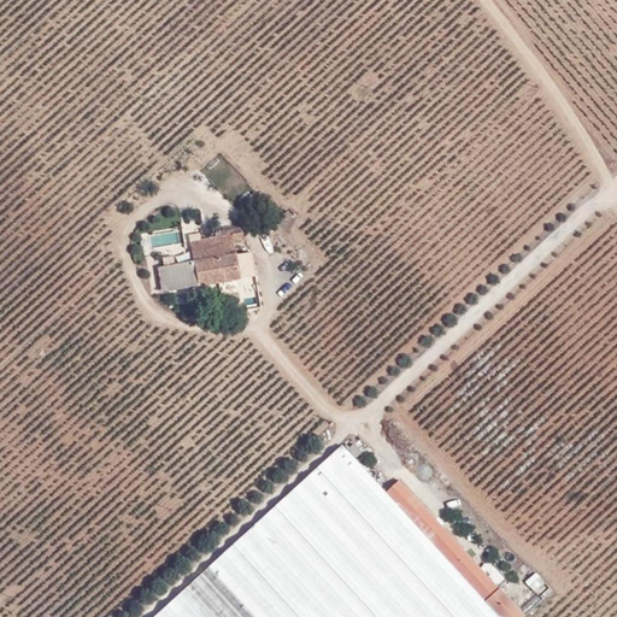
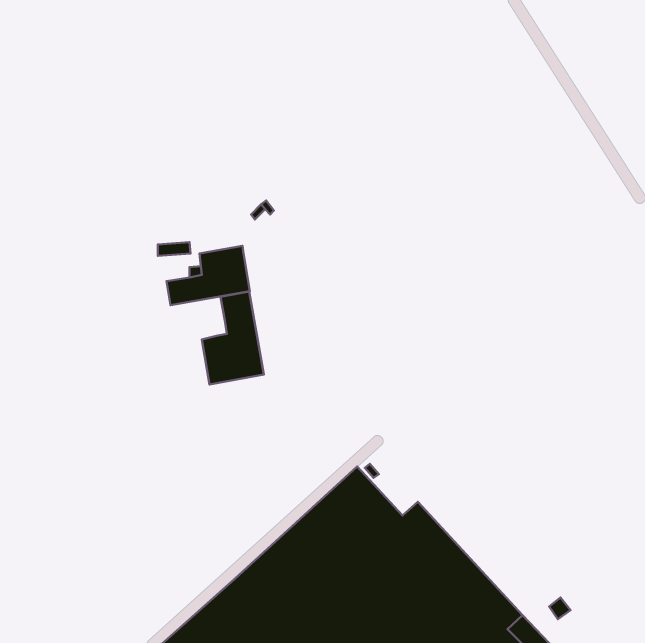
building: none -> [202,291,264,384]

